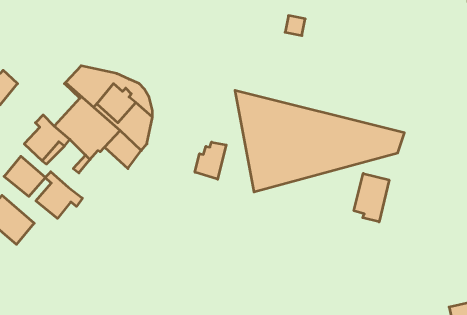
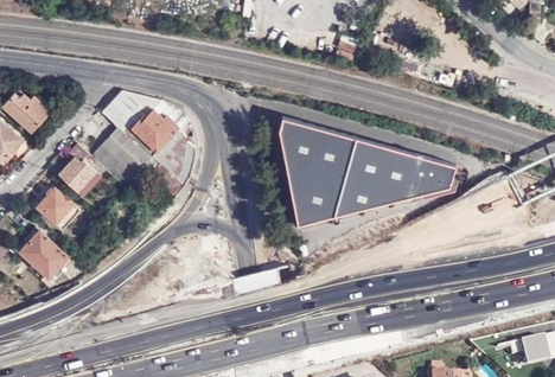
building: [195,142,226,179] -> none
building: [36,172,82,218] -> none
building: [354,173,389,222] -> none

